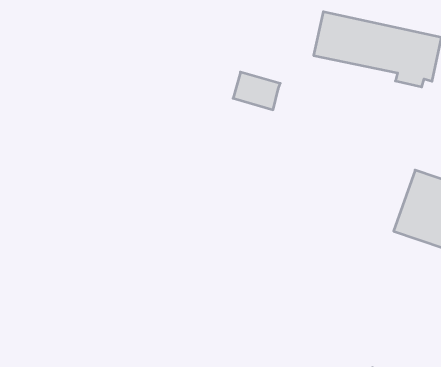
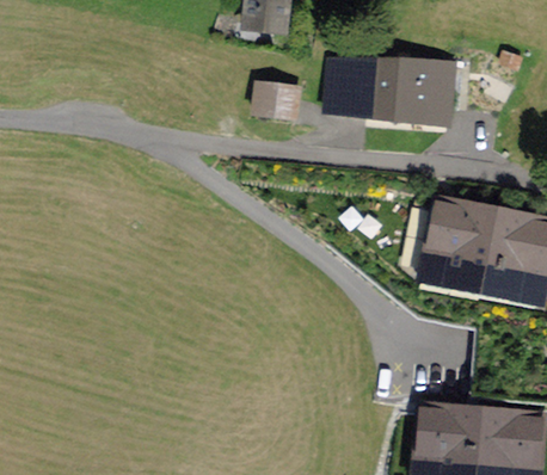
building: [233,72,280,110] -> [256,78,301,111]

